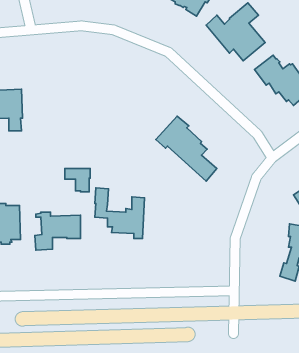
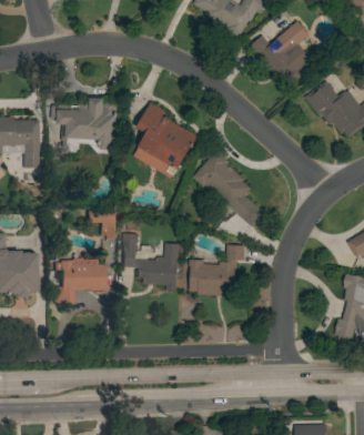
building: none -> [51,97,117,152]
building: none -> [133,102,198,178]
building: none -> [189,244,244,295]

